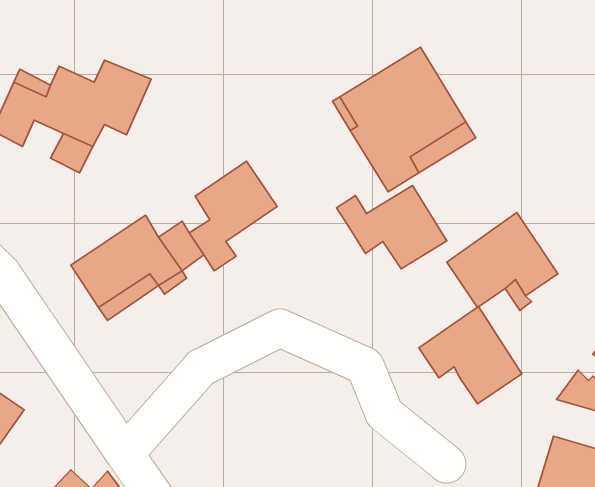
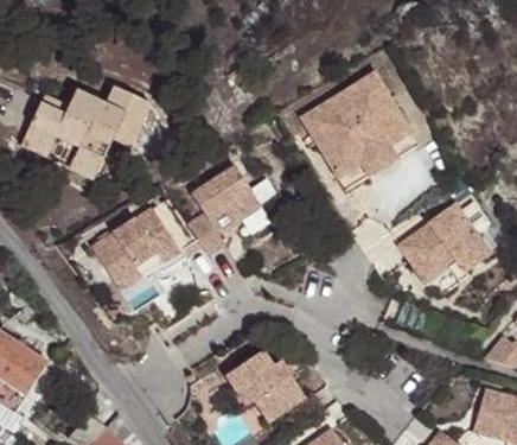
building: [336,185,447,269] -> none
building: [419,307,522,404] -> none
building: none -> [224,355,305,422]

